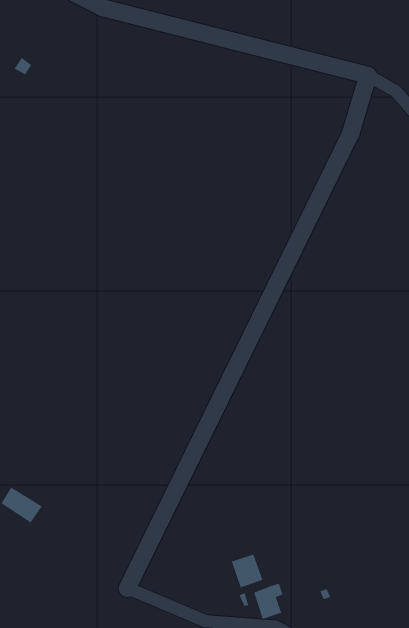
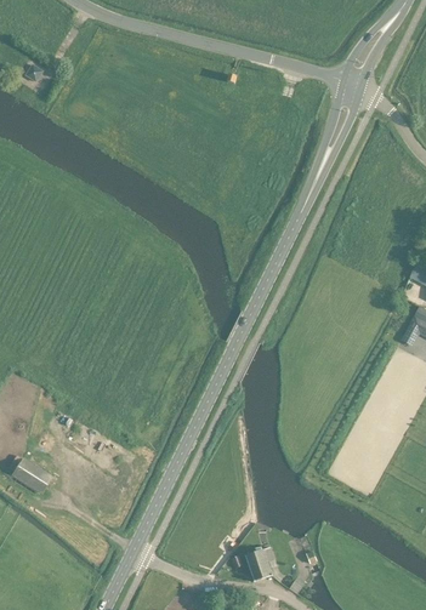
building: [231,554,263,589] -> none

